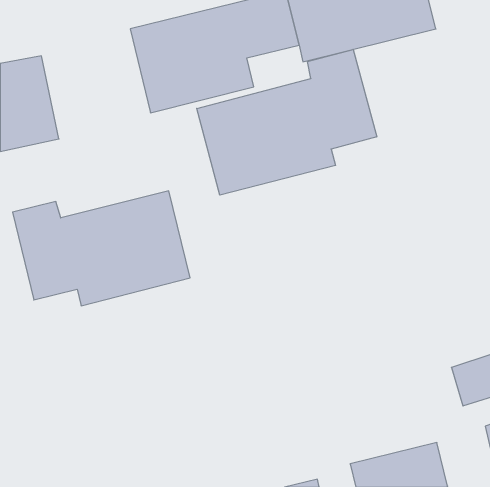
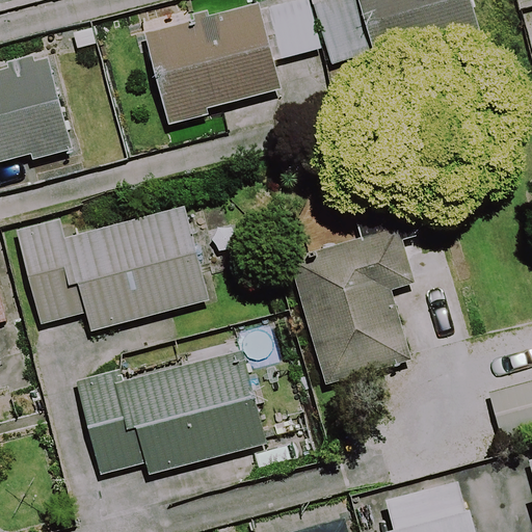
building: [197,49,377,195] -> none
building: none -> [287,222,413,378]
building: none -> [79,349,267,474]

